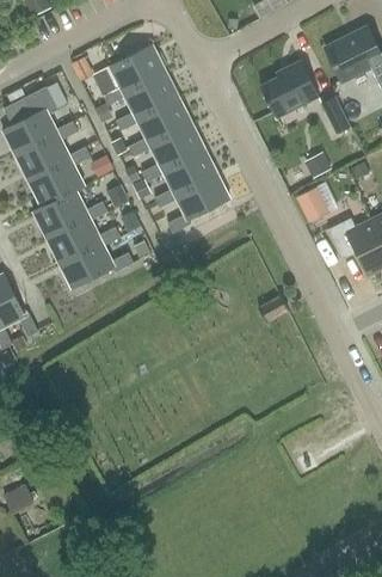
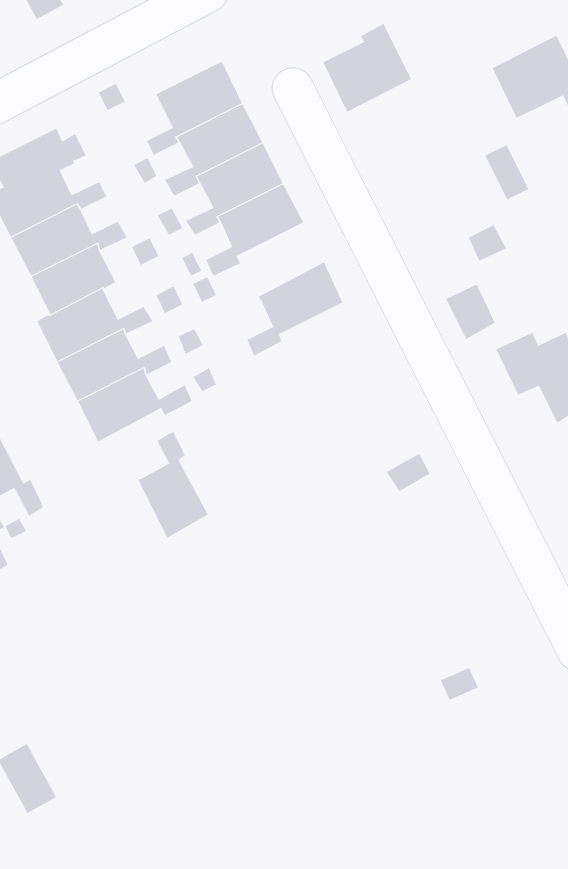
building: [261,60,319,117] -> [323,23,412,112]
building: [155,147,218,207] -> none
building: none -> [137,431,209,538]

